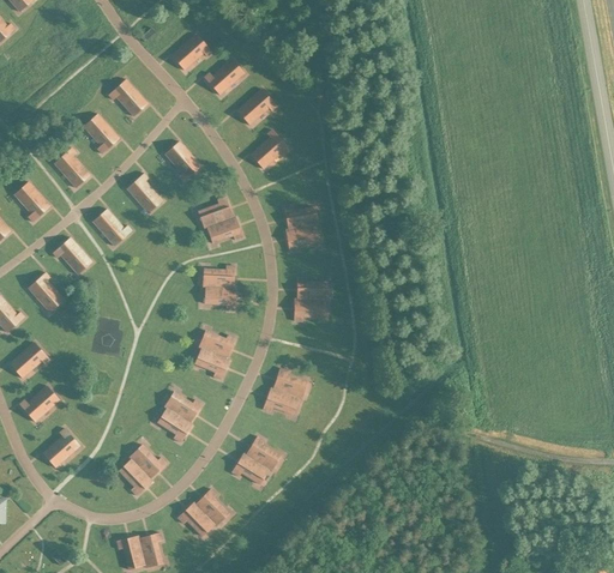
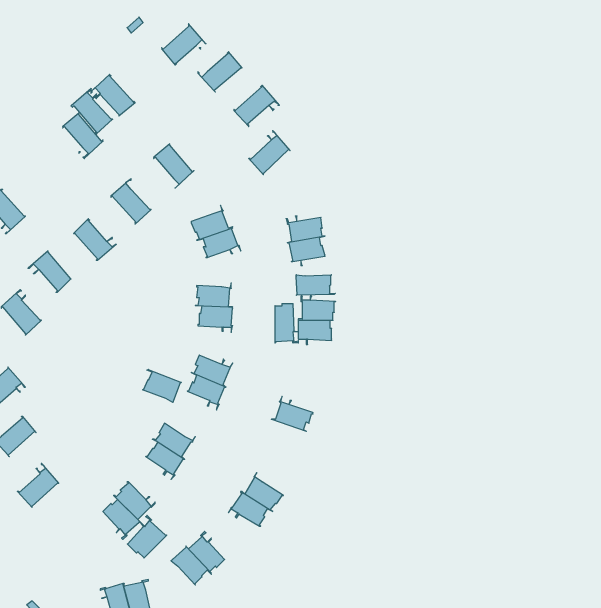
building: [54,147,91,188] -> [71,89,113,134]
building: none -> [296,275,335,295]
building: none -> [275,304,298,343]
building: none -> [143,369,181,402]
building: [264,388,302,415] -> none
building: none -> [127,515,167,558]

